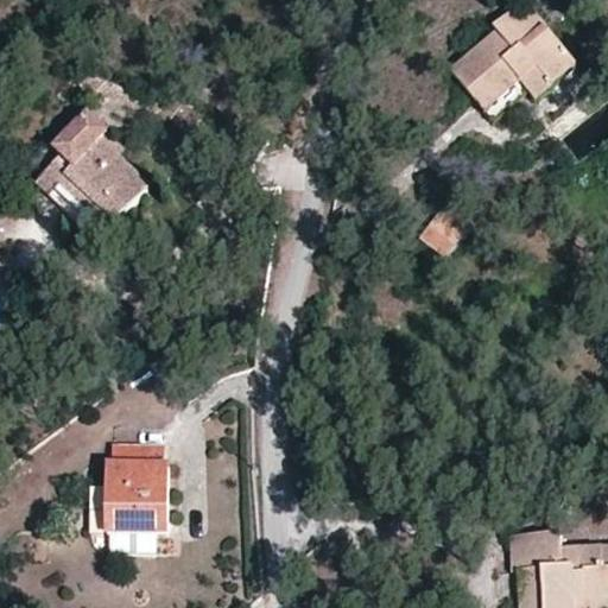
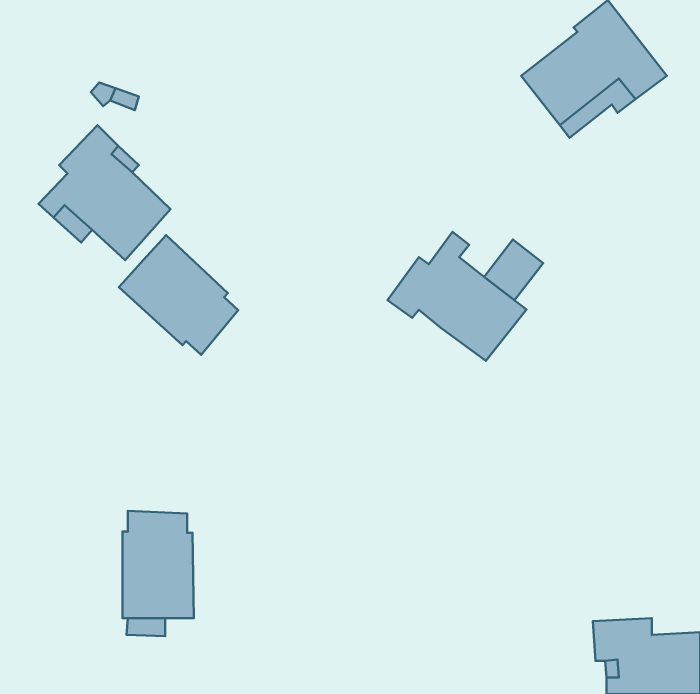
building: none -> [388,232,526,361]
building: none -> [119,235,238,355]

